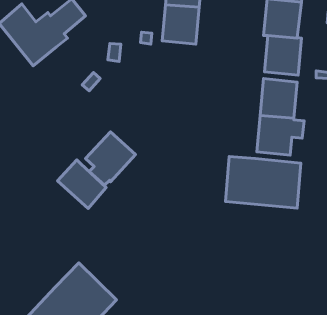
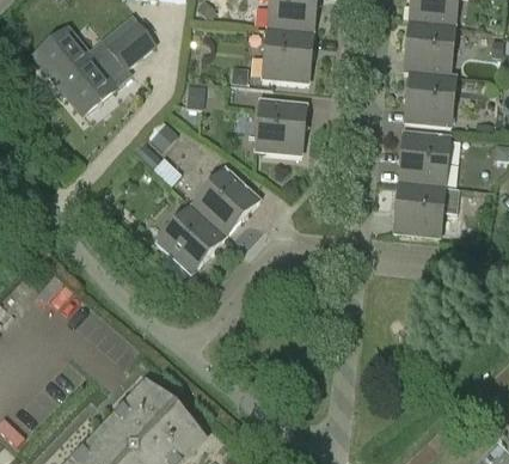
building: none -> [254,98,306,154]
building: none -> [190,166,259,236]
building: [226,156,301,208] -> none
building: [57,160,106,209] -> none

